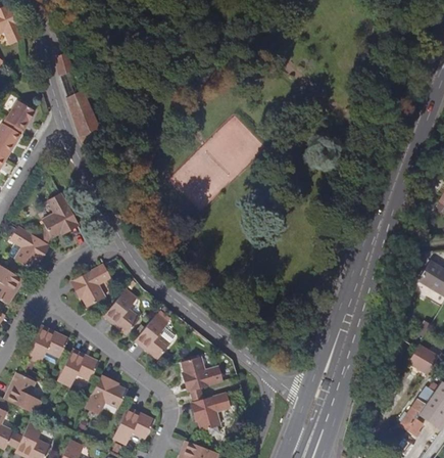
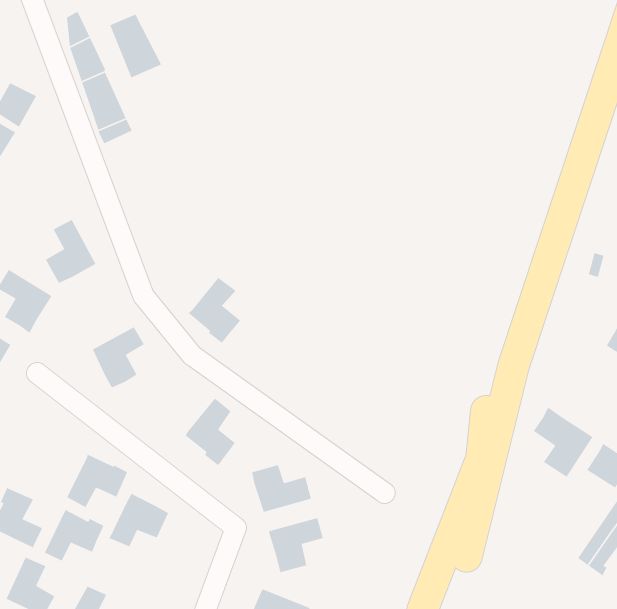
building: none -> [109,14,162,78]
building: [105,288,141,333] -> [188,277,241,343]
building: none -> [533,407,593,478]
building: [28,328,68,364] -> [44,509,105,562]
building: [113,410,154,445] -> none

